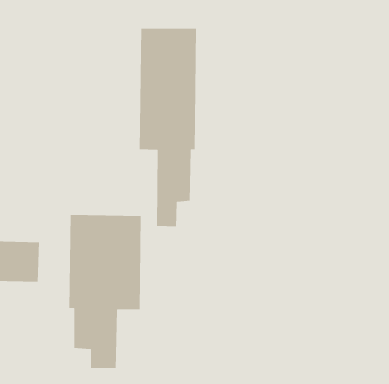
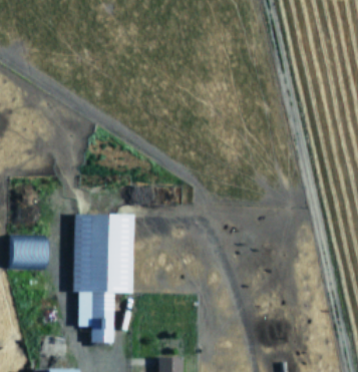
building: [139,28,197,227] -> none

